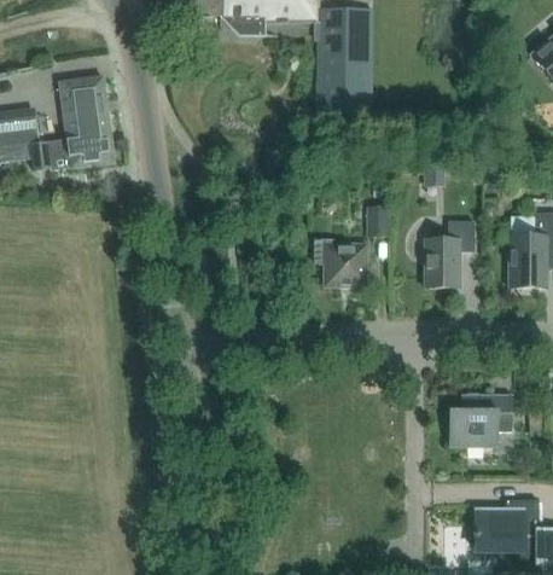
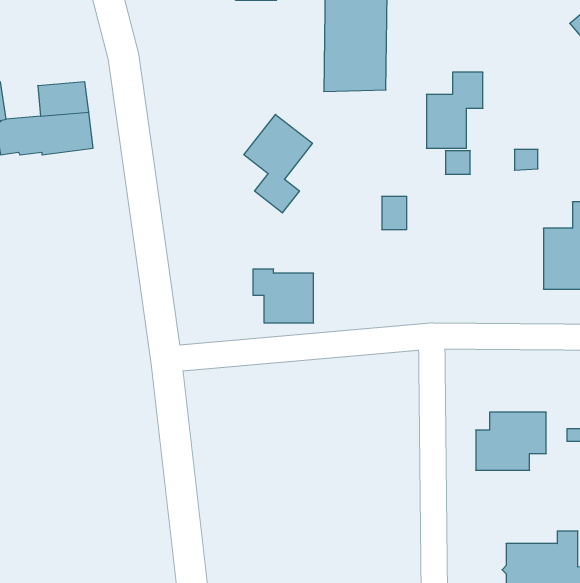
building: [64,77,107,110] -> none
building: none -> [244,114,312,213]
building: [424,220,473,286] -> [426,72,483,148]
building: [314,239,367,286] -> [253,269,314,323]

